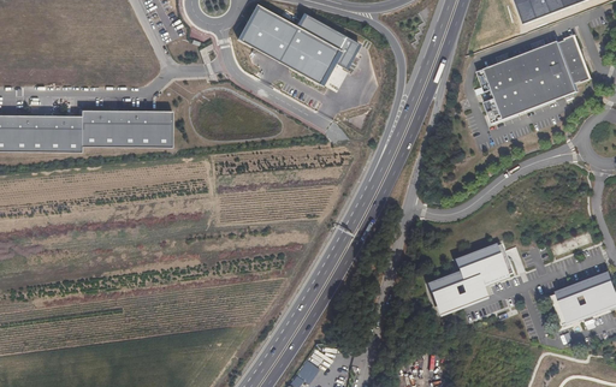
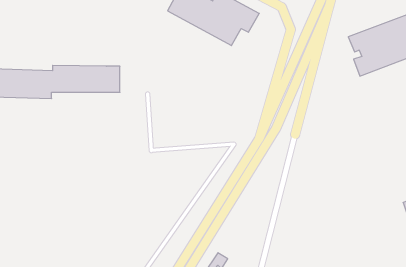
building: [430,242,514,314] -> none

